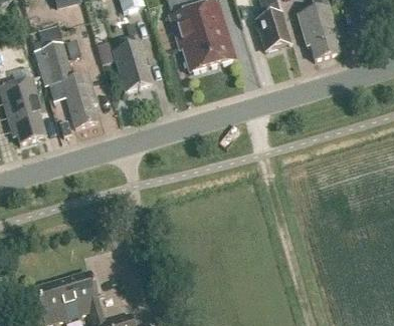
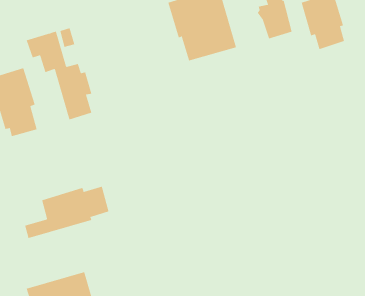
building: [112,32,152,89] -> none
building: none -> [24,186,109,239]

